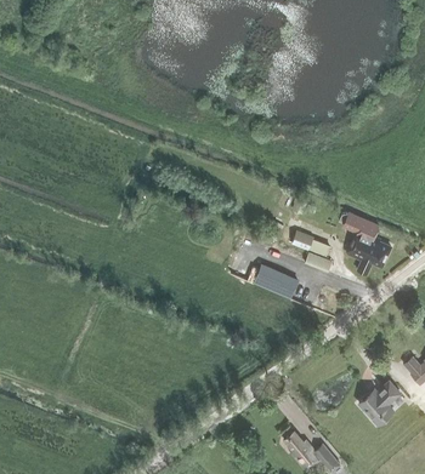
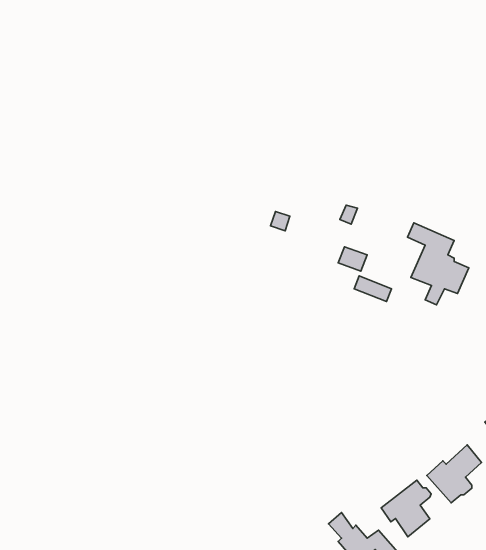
building: [253,264,298,298] -> none
building: none -> [381,480,431,537]

